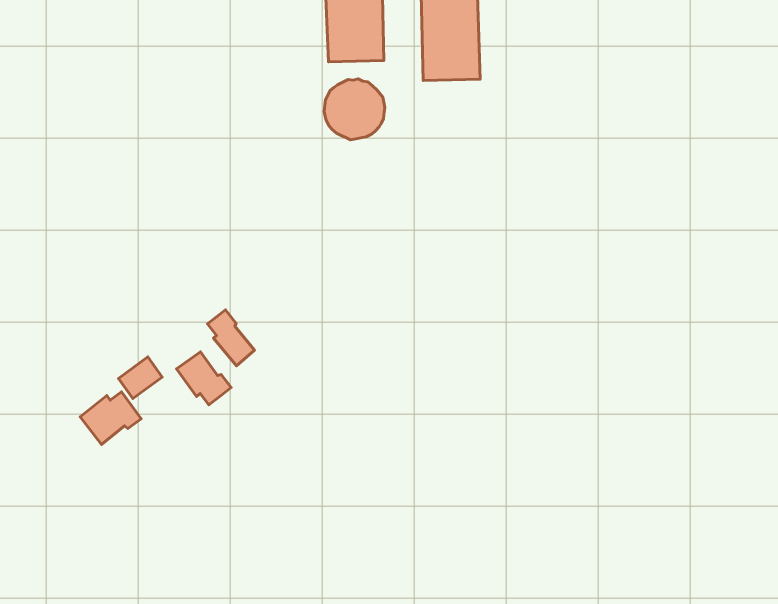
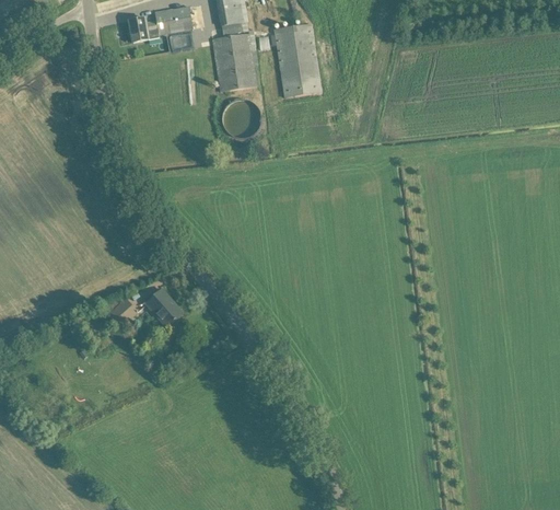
building: [207,310,255,366] -> none
building: [80,392,141,444] -> none

